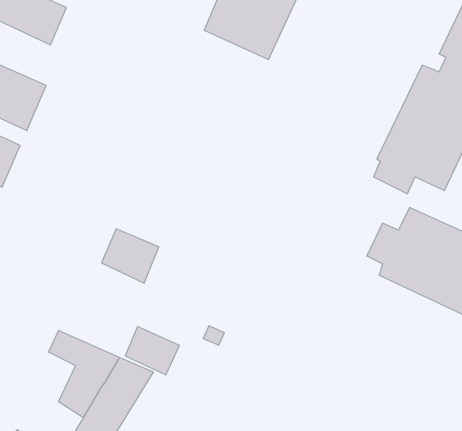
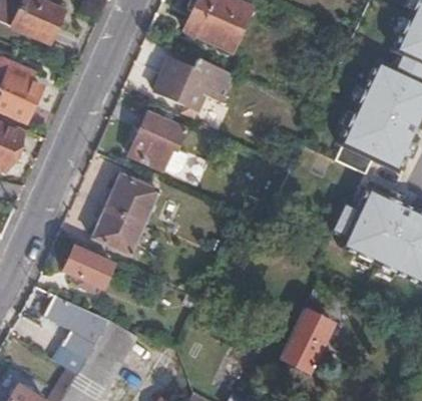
building: none -> [154,57,235,111]
building: none -> [129,105,190,178]
building: none -> [105,173,157,223]
building: [125,326,179,375] -> [64,247,112,290]
building: none -> [279,308,332,372]

